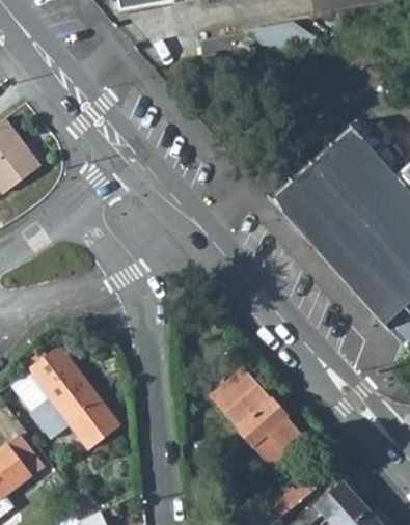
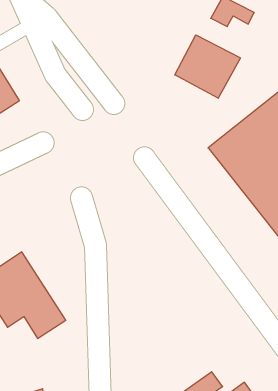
building: none -> [175,35,240,98]
building: [208,367,301,466] -> none

